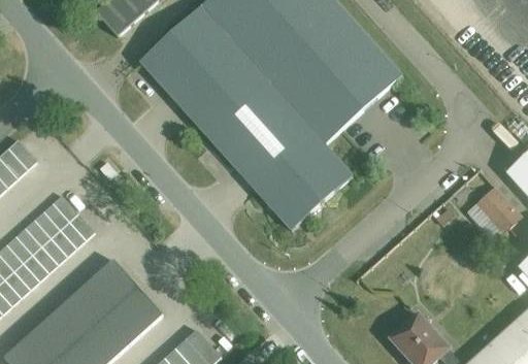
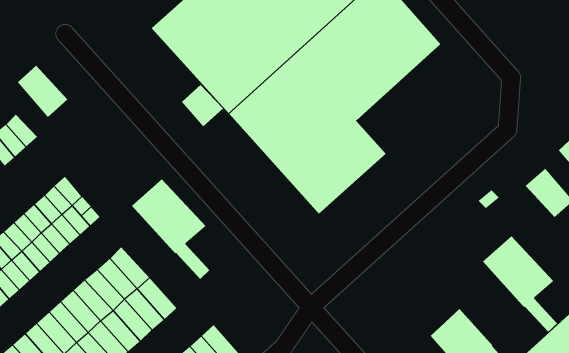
building: none -> [17,65,68,118]
building: none -> [181,84,224,127]
building: none -> [131,178,210,280]
building: none -> [482,235,558,333]

